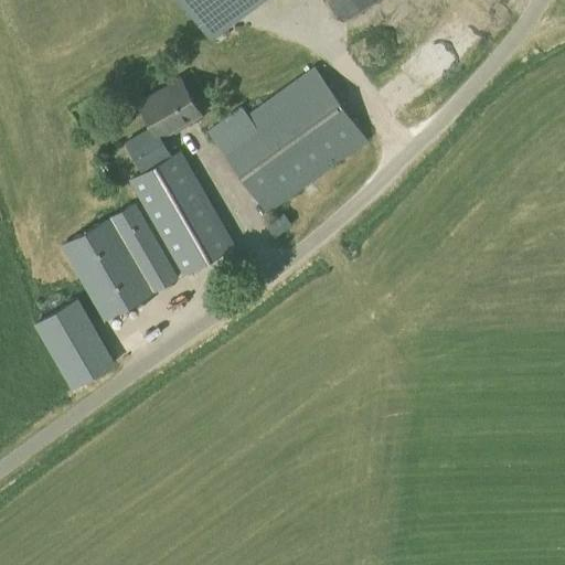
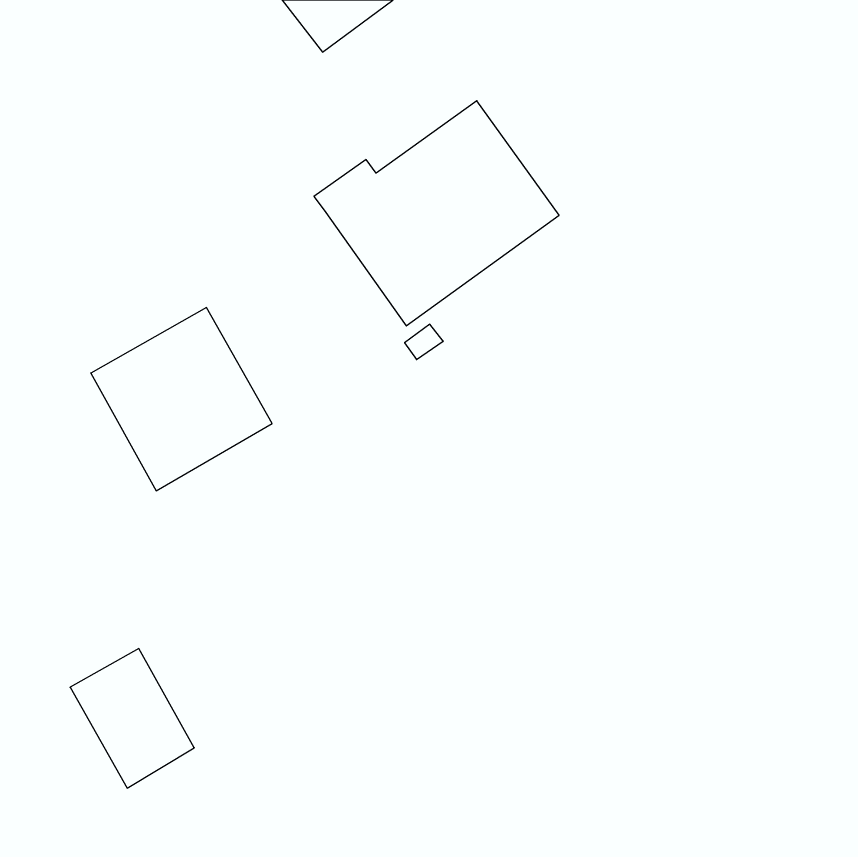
building: [124,79,236,277] -> none
building: [34,299,116,391] -> [70,649,194,788]

